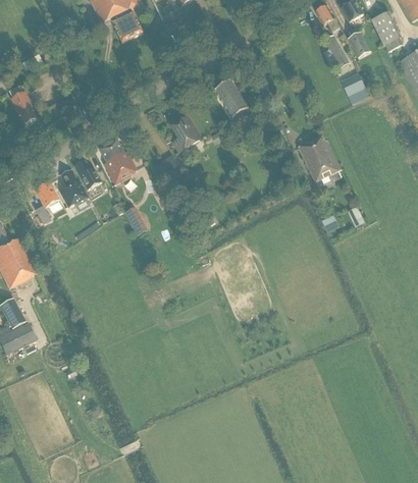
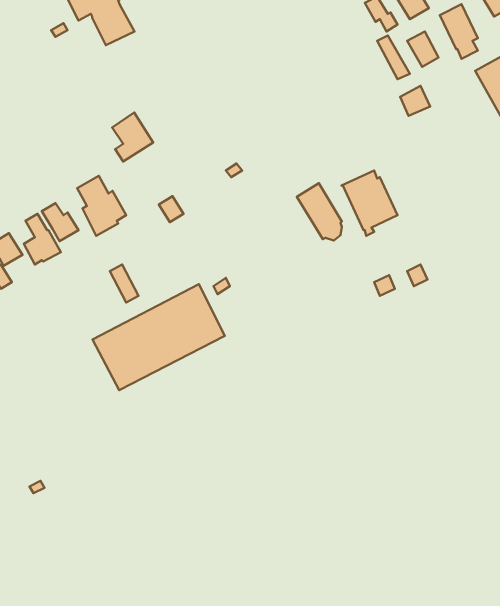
building: [214,79,248,122] -> [297,183,342,240]
building: [170,114,201,151] -> [112,113,153,162]
building: none -> [92,284,225,390]

